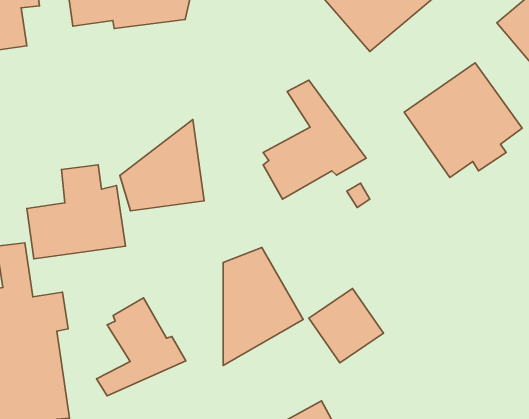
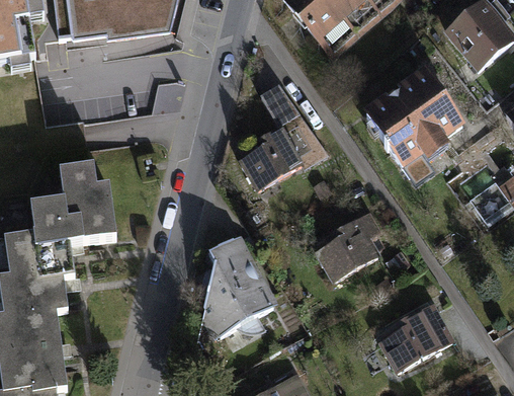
building: [120,120,204,211] -> none
building: [309,288,383,363] -> [316,213,381,279]
building: [96,298,186,396] -> none
building: none -> [383,301,450,369]

